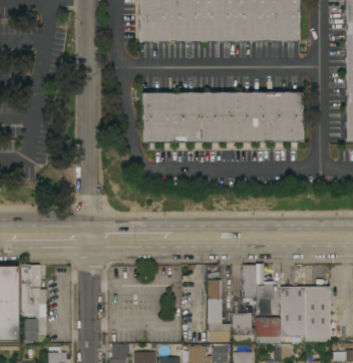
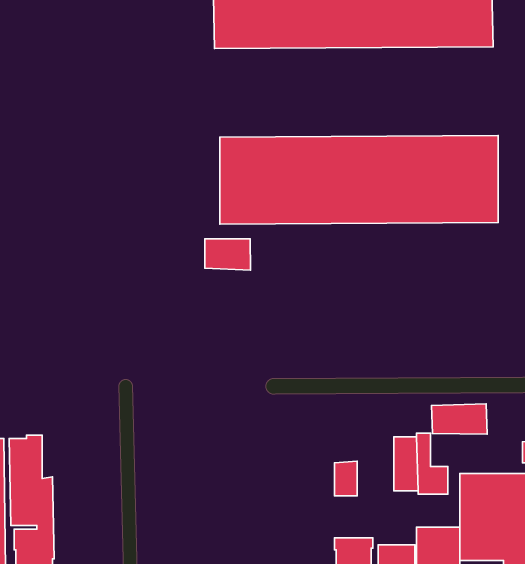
building: none -> [205,239,250,270]
building: none -> [432,404,487,434]

